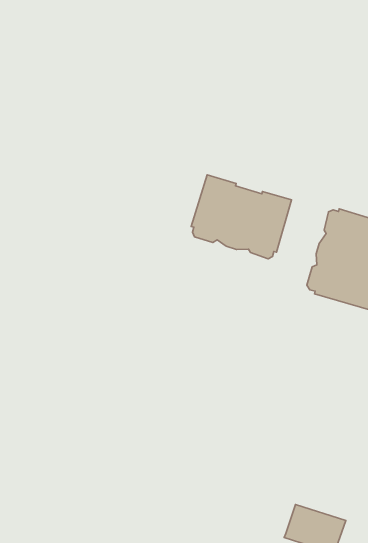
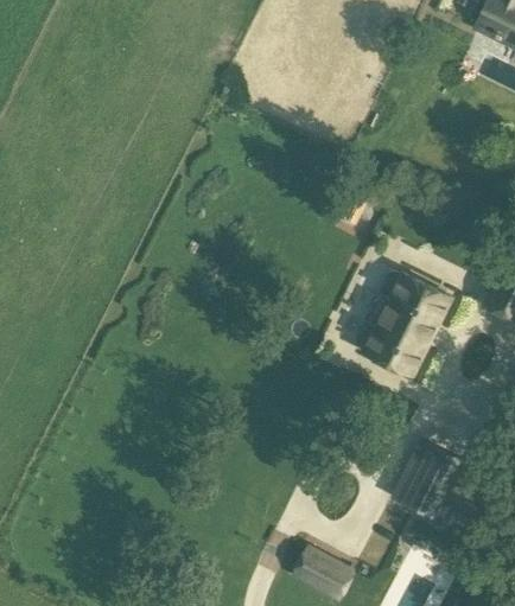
building: [191,175,291,259] -> none

